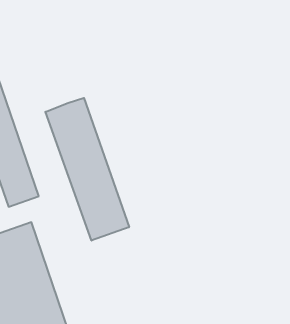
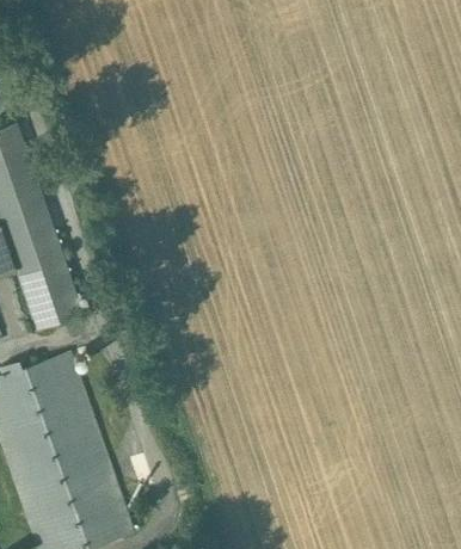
building: [45,98,129,241] -> none

